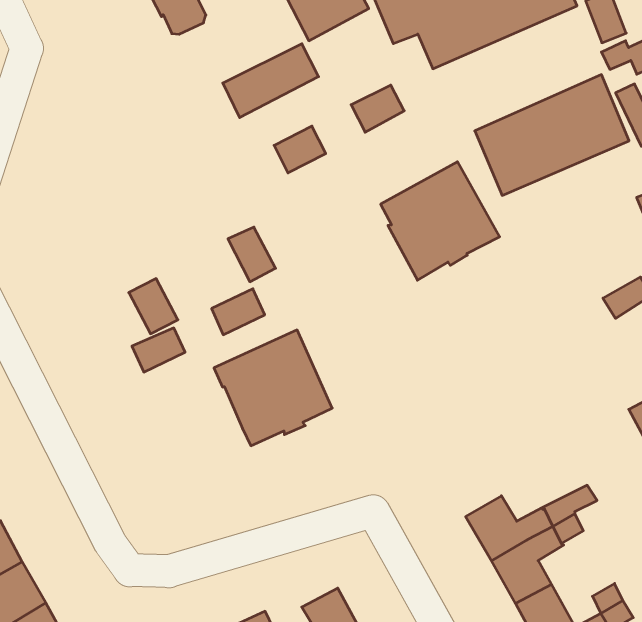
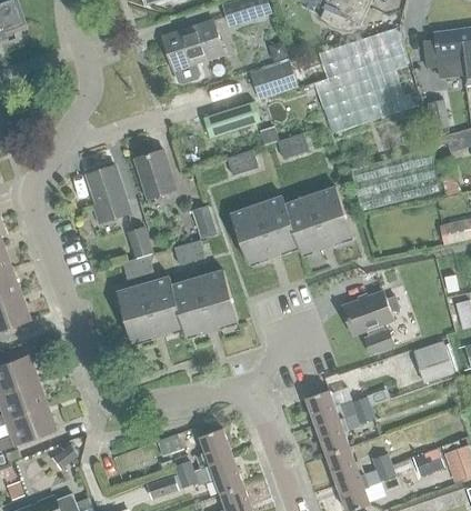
building: none -> [134,150,176,199]
building: none -> [86,166,129,222]
building: none -> [231,196,297,263]
building: none -> [342,291,399,354]
building: none -> [117,278,181,341]

